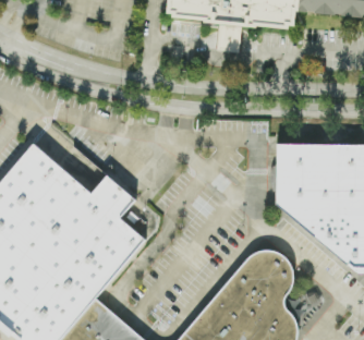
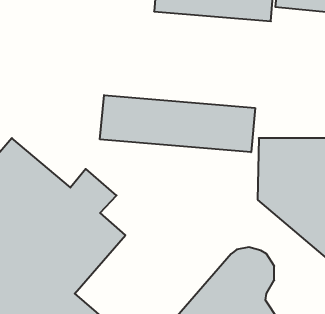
building: none -> [100,95,255,152]

